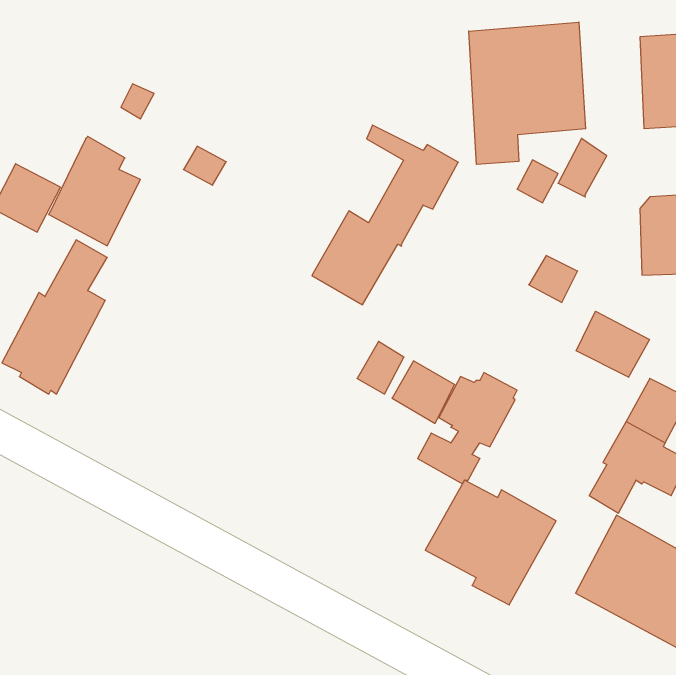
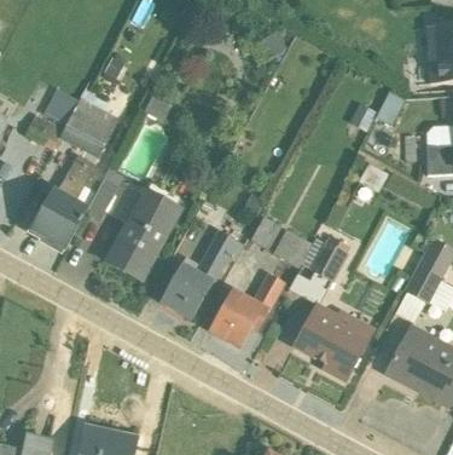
building: [469,22,586,164] -> none
building: [312,125,458,305] -> [161,207,251,318]
building: none -> [86,167,180,278]
building: [576,311,649,377] -> none
building: none -> [210,272,285,346]

